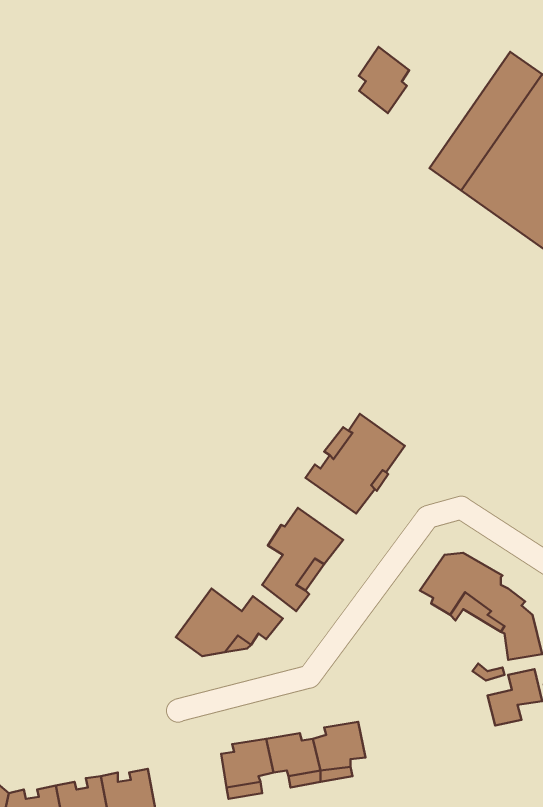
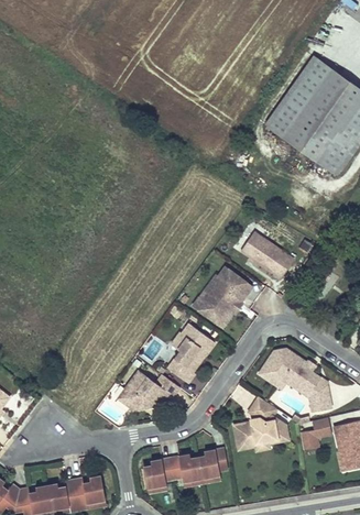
building: [359,47,409,113] -> none
building: none -> [241,231,295,277]
building: none -> [232,396,291,452]

